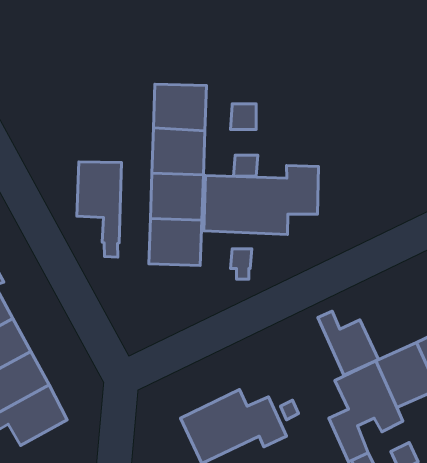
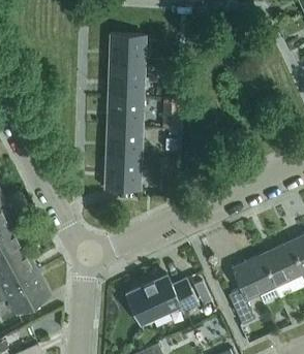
building: none -> [109,35,145,67]
building: [77,162,121,257] -> none
building: [204,165,319,234] -> none
building: [318,311,378,375] -> none

